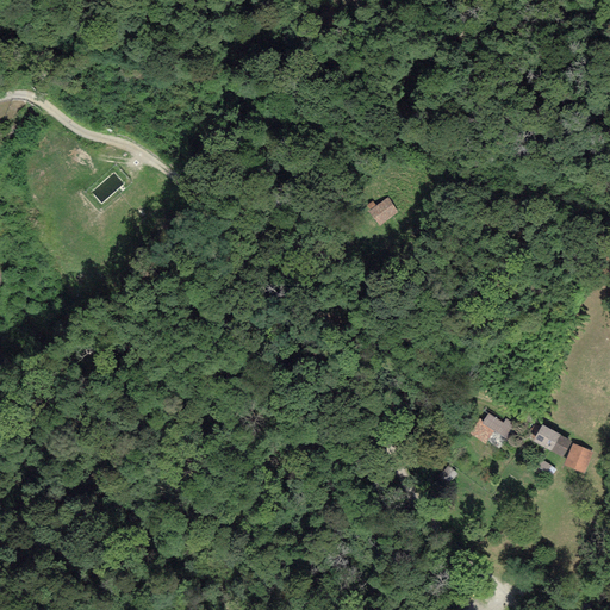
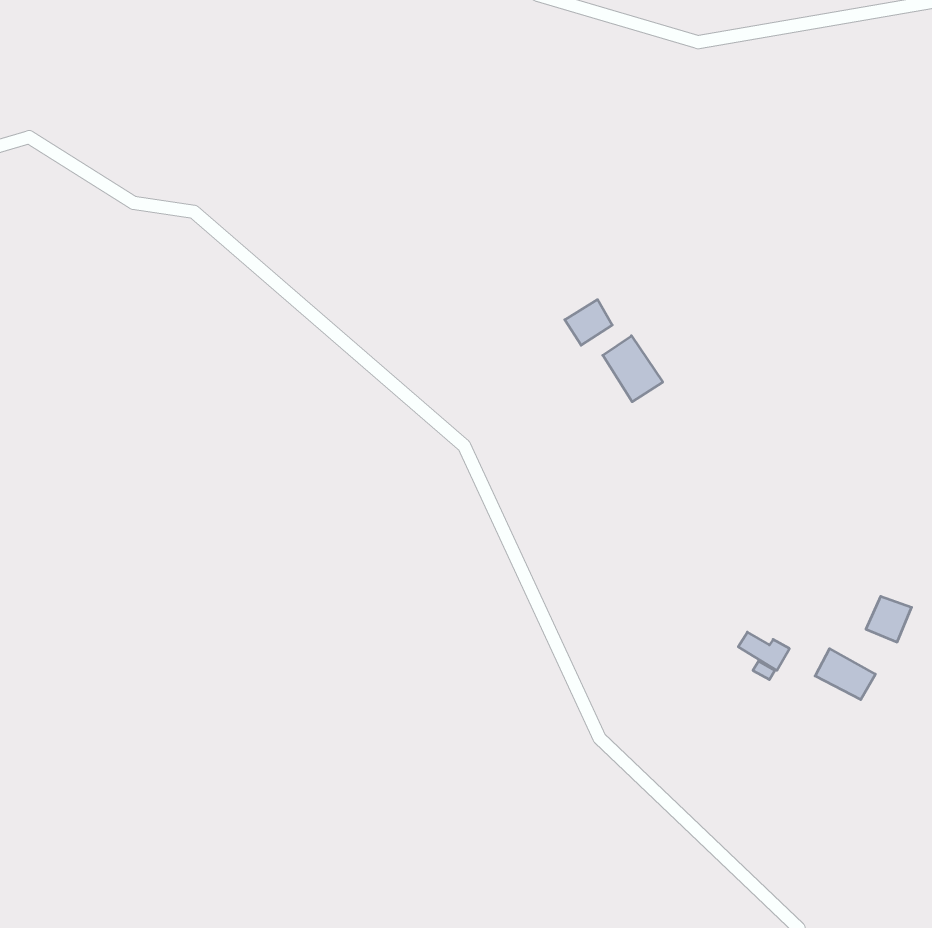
building: none -> [603,336,663,402]
building: [562,442,592,472] -> [866,596,912,642]

